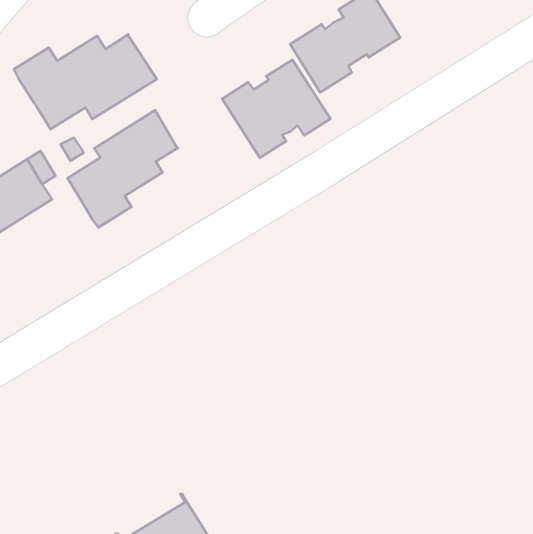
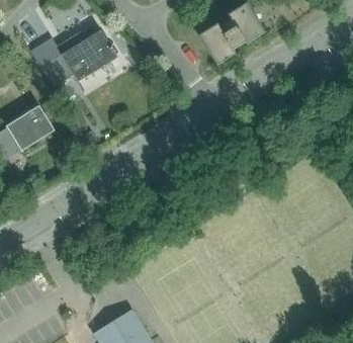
building: [222,60,330,158] -> none
building: [67,110,178,227] -> none

